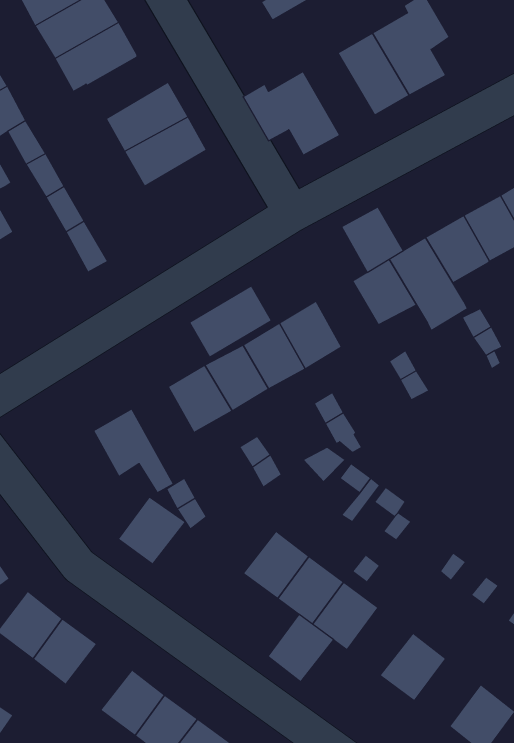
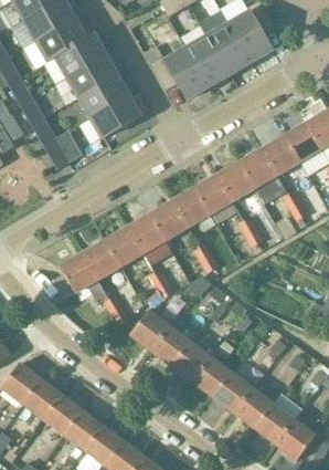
building: none -> [55,33,105,76]
building: none -> [187,36,230,86]
building: [342,207,404,272] -> [194,175,232,215]
building: [189,286,272,357] -> [91,95,140,138]
building: none -> [83,239,120,280]
building: [118,497,186,564] -> [129,311,170,352]
building: [268,614,334,682] -> [213,373,253,414]
building: none -> [40,395,83,448]
building: none -> [254,404,294,445]

